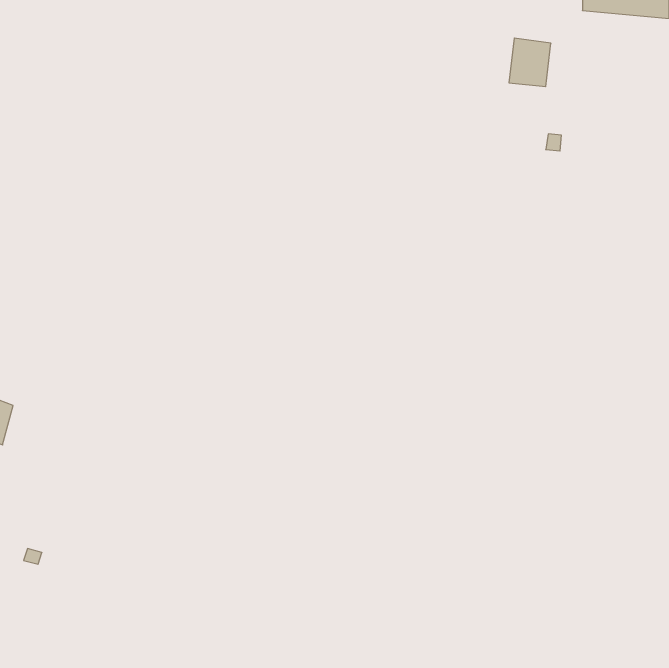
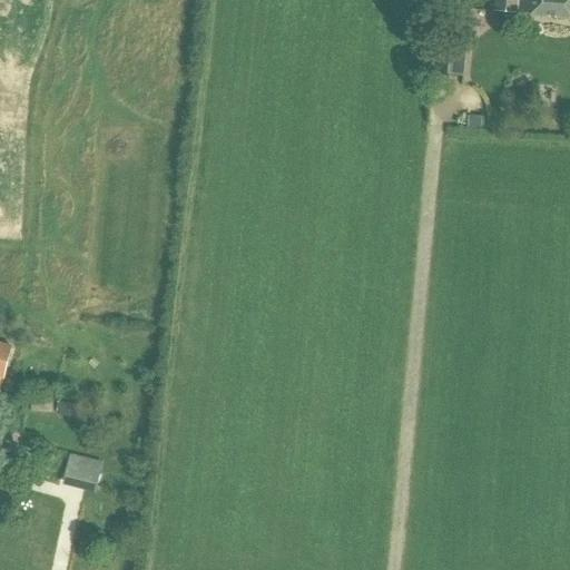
building: none -> [62,452,102,491]

